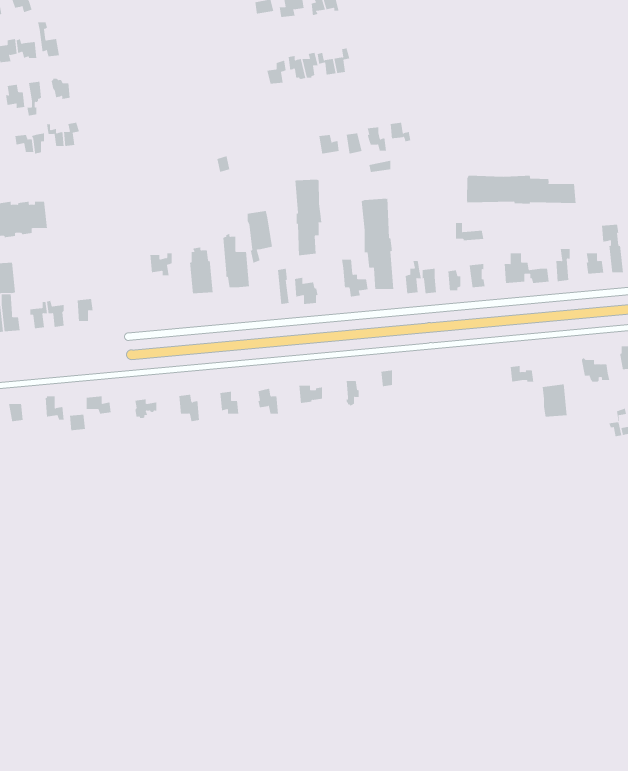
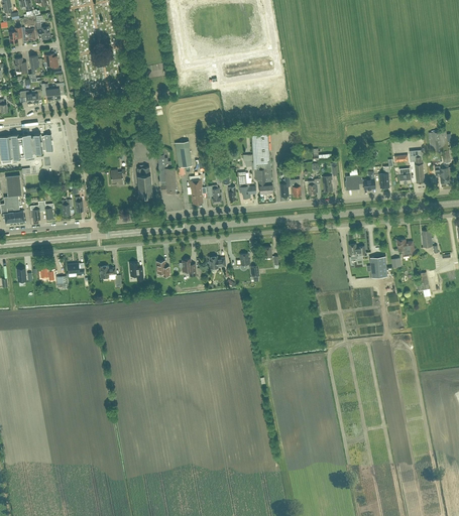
building: [467,175,576,205] -> none
building: [295,179,322,256] -> none

